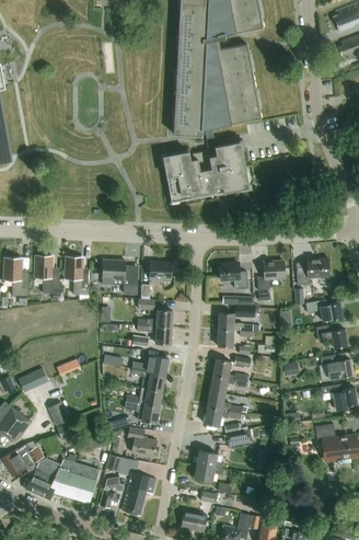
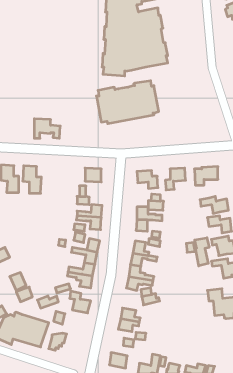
building: [103,258,138,285] -> [34,119,60,138]
building: none -> [195,238,209,266]
building: [121,472,157,516] -> none

